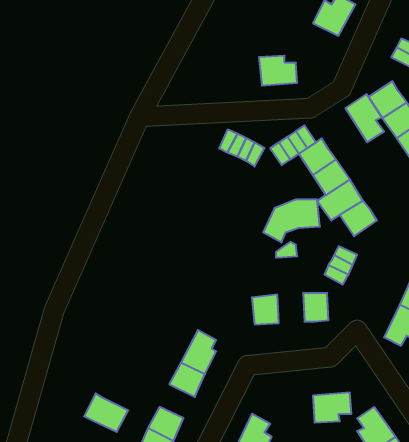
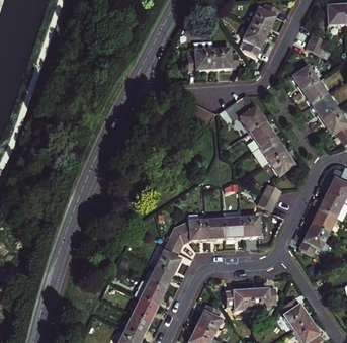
building: none -> [243,24,268,57]
building: none -> [187,40,213,70]
building: [346,94,384,142] -> none
building: [263,200,320,242] -> [168,220,208,250]
building: none -> [225,217,244,238]
building: [84,393,128,432] -> [135,278,166,306]
building: none -> [226,289,251,310]

